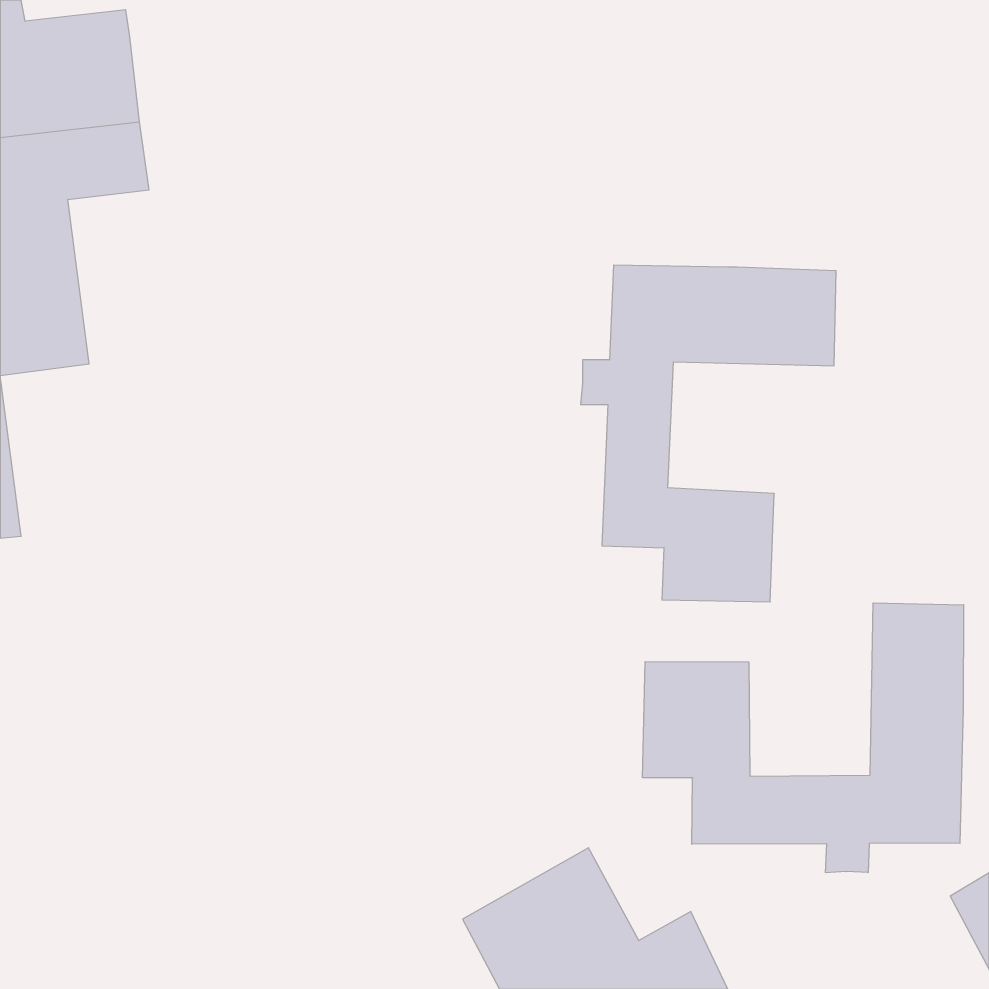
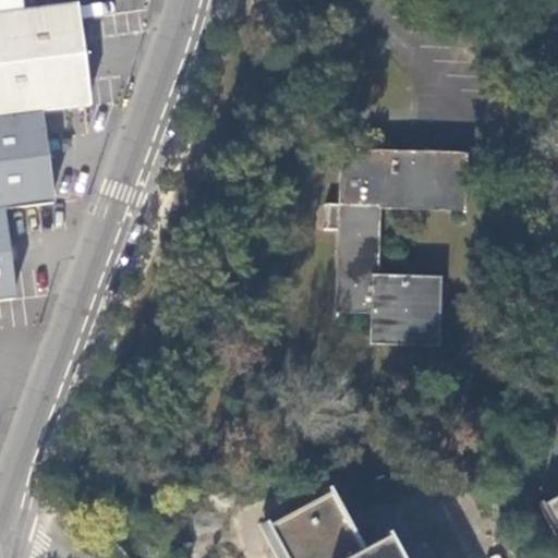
building: [643,603,964,873] -> none

